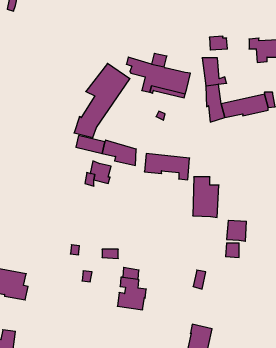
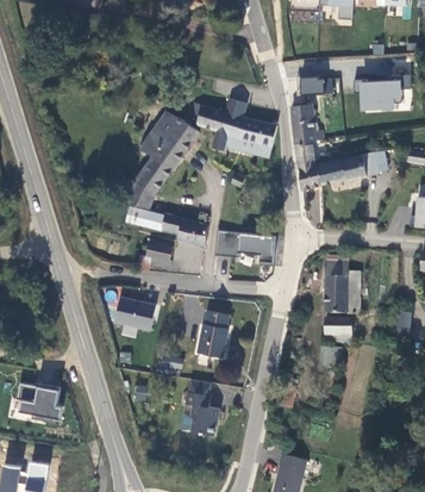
building: [193,177,219,217] -> [326,261,361,314]
building: none -> [114,297,156,330]
building: none -> [196,309,227,355]

